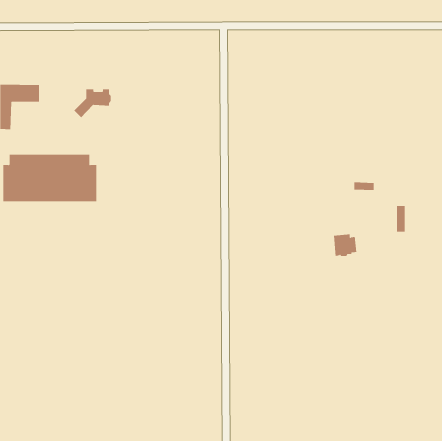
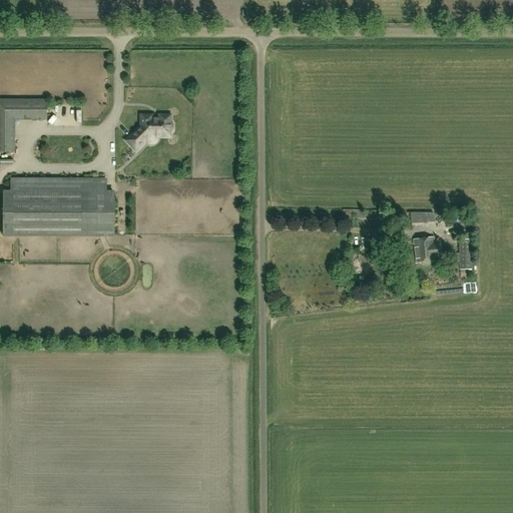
building: [73,89,112,118] -> [126,114,170,148]
building: [333,234,357,256] -> [413,236,441,263]

